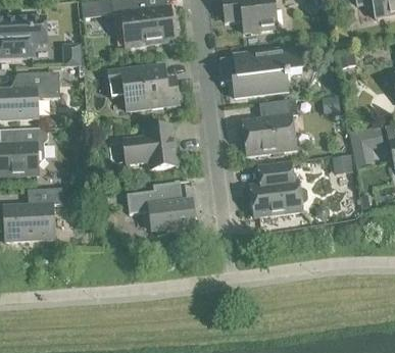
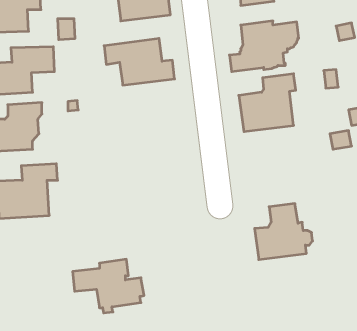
building: [122,124,177,168] -> none
building: [250,160,307,215] -> [255,204,313,260]
building: [126,181,196,234] -> [73,259,144,313]

